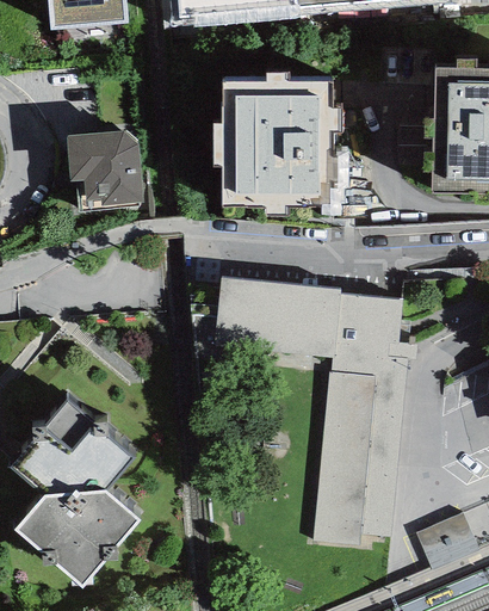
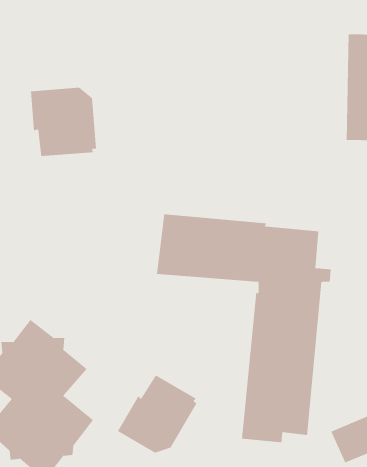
building: [223,80,330,204] -> none
building: none -> [117,375,197,454]

